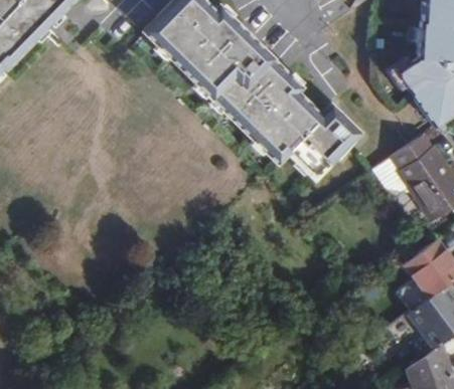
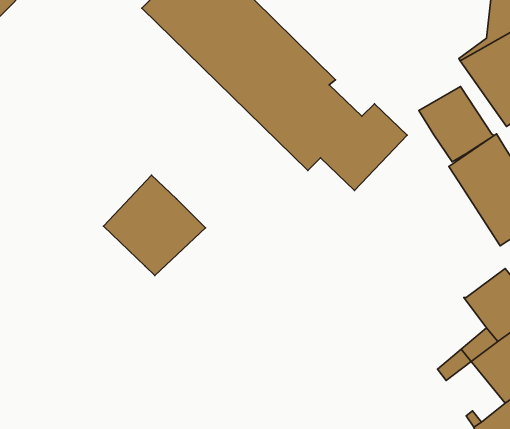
building: none -> [419,87,494,162]
building: none -> [103,175,205,275]

